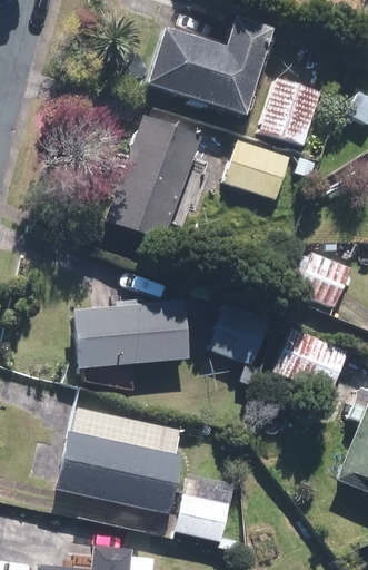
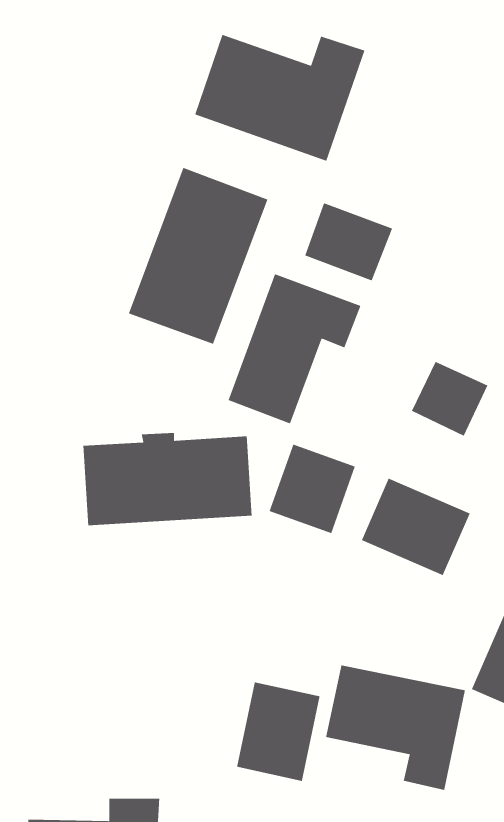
building: [259,75,326,146] -> none
building: none -> [228,273,362,425]
building: [57,429,178,514] -> none
building: none -> [325,664,466,791]

